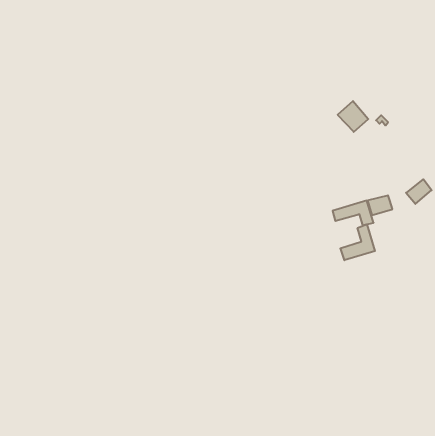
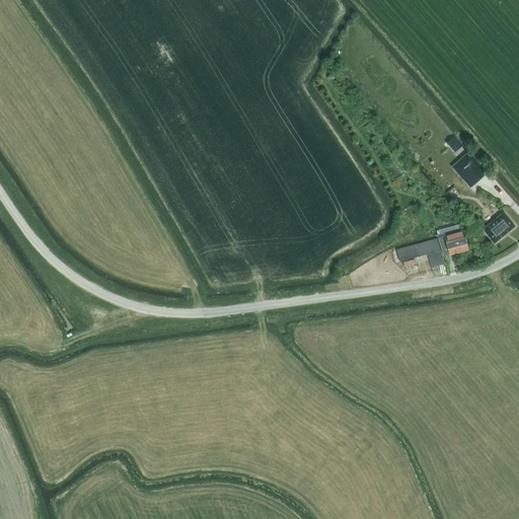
building: [338,101,368,132] -> [449,151,486,188]
building: [340,224,375,260] -> none

